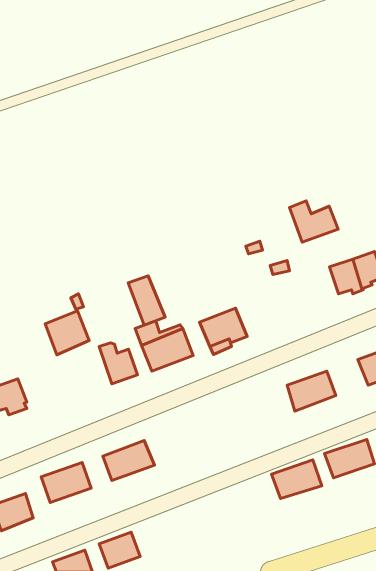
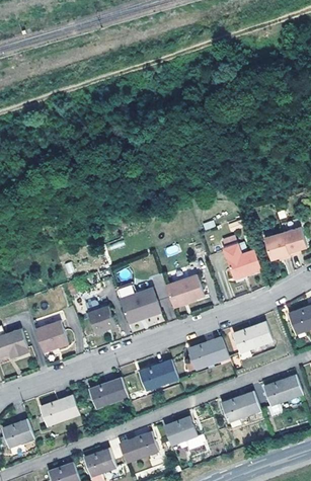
building: [289,201,338,242] -> [224,244,262,276]
building: [128,276,165,325] -> none
building: [45,311,89,355] -> [33,318,68,352]
building: none -> [188,337,227,369]
building: none -> [138,359,178,391]
building: none -> [165,417,198,447]
building: none -> [120,432,159,464]

